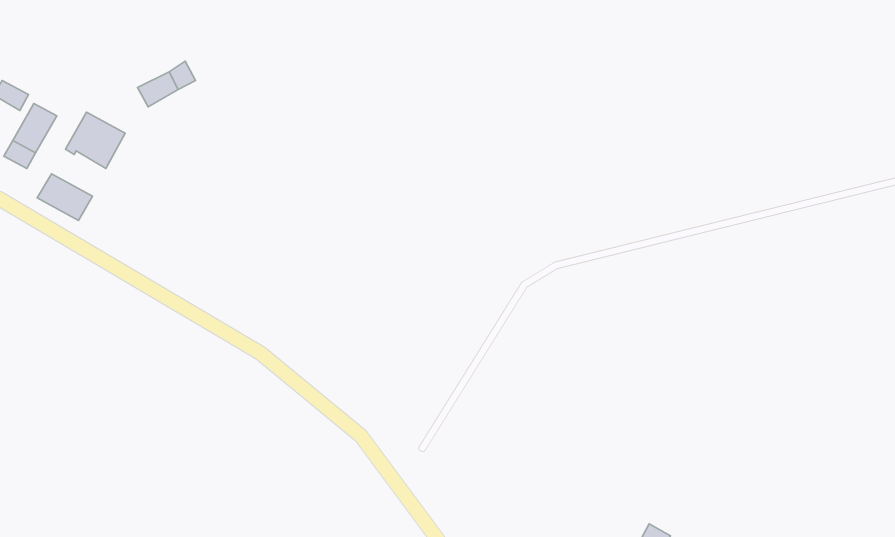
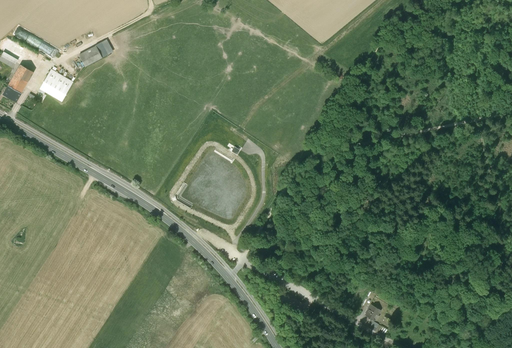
building: [37,174,92,220] -> none

